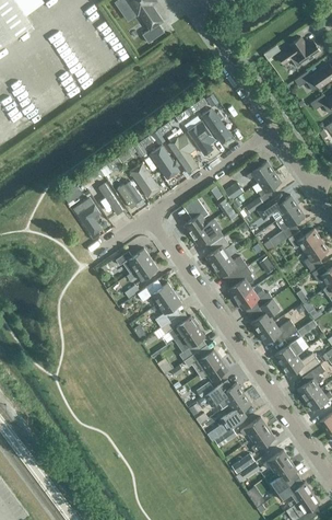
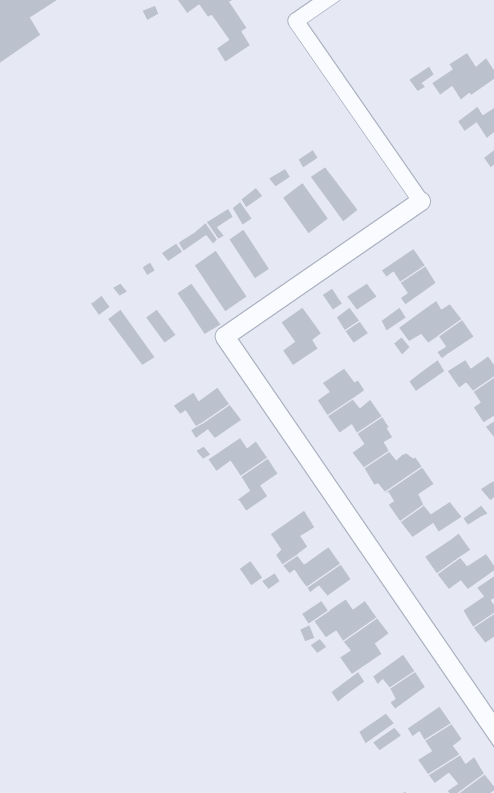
building: [167,135,199,176] -> none
building: [190,220,223,247] -> none
building: [161,316,198,342] -> none

